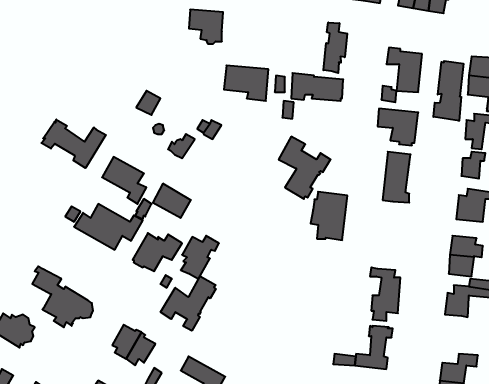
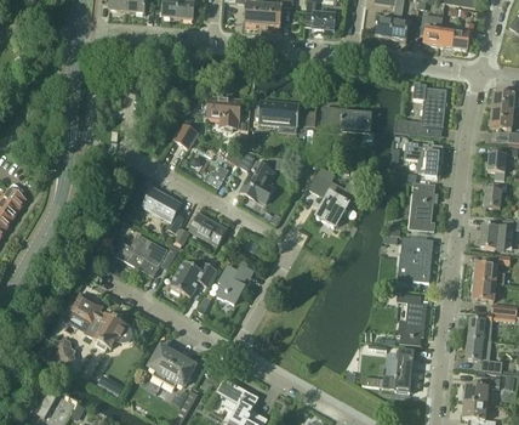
building: [189,10,223,44] -> [207,97,240,130]
building: [323,22,347,73] -> none
building: [433,61,463,121] -> none
building: [41,119,106,168] -> none
building: none -> [240,160,275,203]
building: [311,192,347,240] -> [398,236,433,282]
building: [161,276,216,331] -> none
building: none -> [466,338,501,372]

